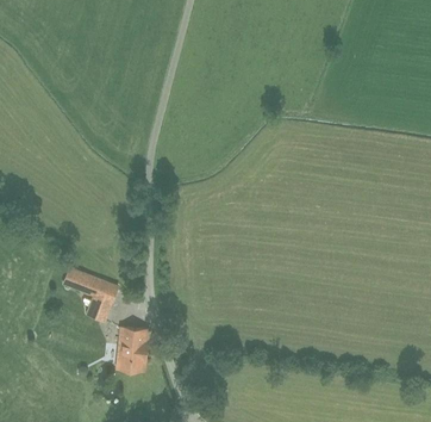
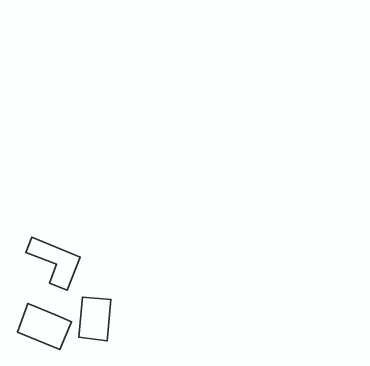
building: none -> [17,304,71,350]

